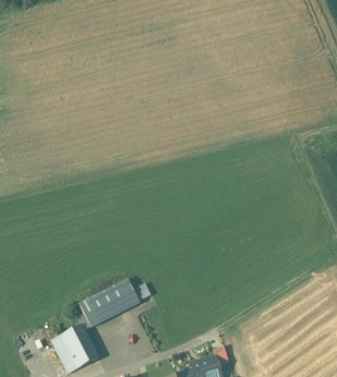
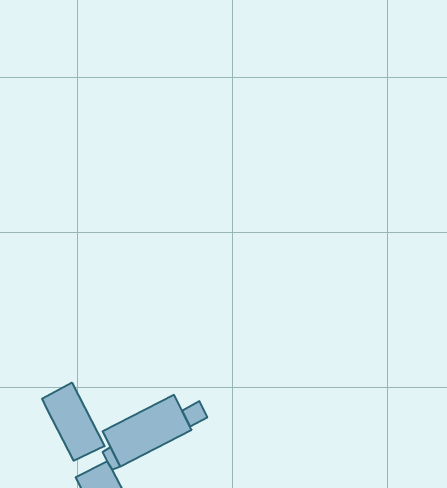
building: none -> [42,383,105,461]

